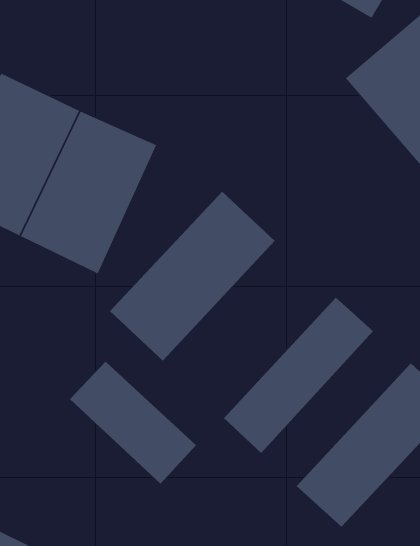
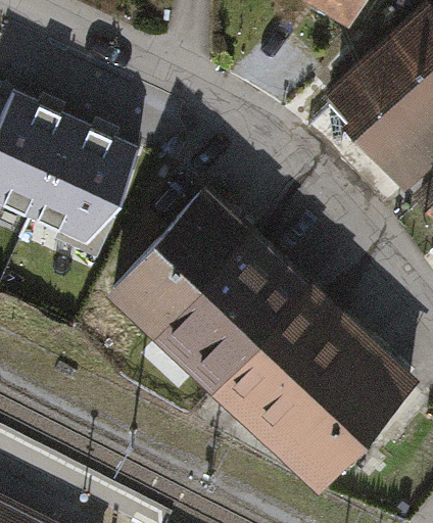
building: none -> [156,233,315,395]
building: none -> [246,316,383,458]
building: [69,361,197,485] -> none

